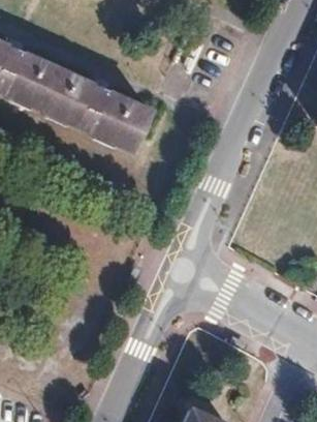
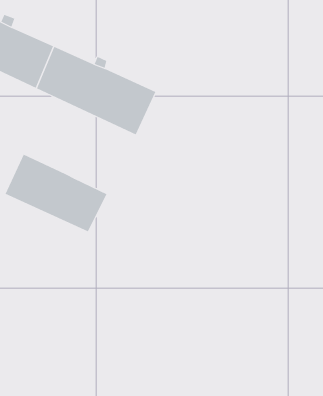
building: none -> [5,154,107,232]

